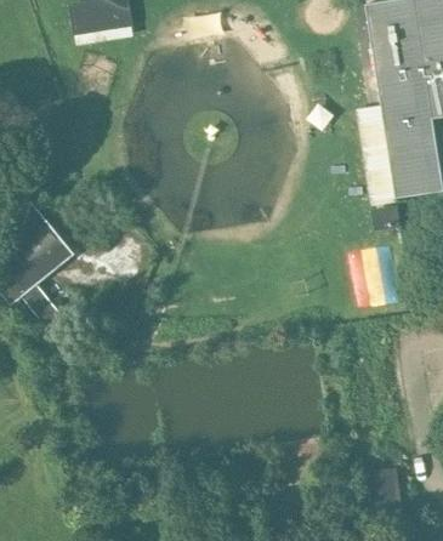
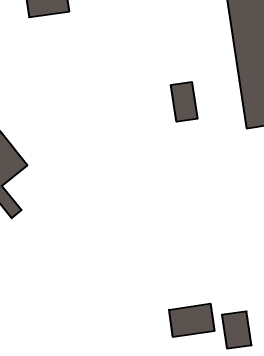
building: none -> [171,82,198,122]
building: none -> [169,304,214,337]

